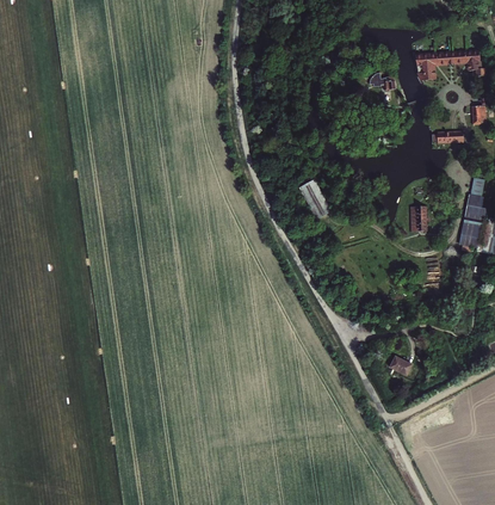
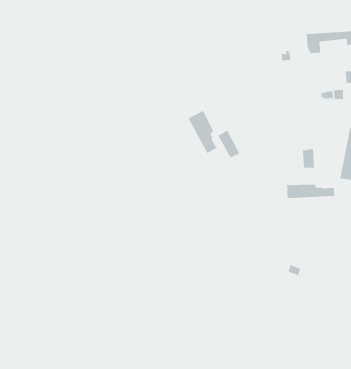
building: none -> [188,110,217,154]
building: none -> [287,184,335,199]

